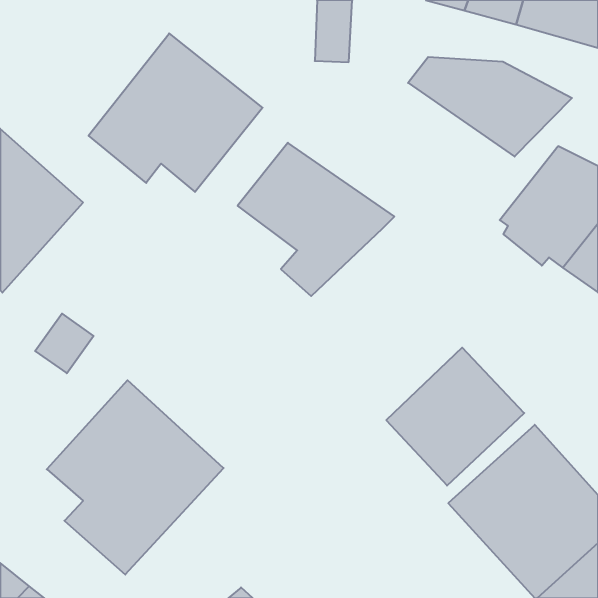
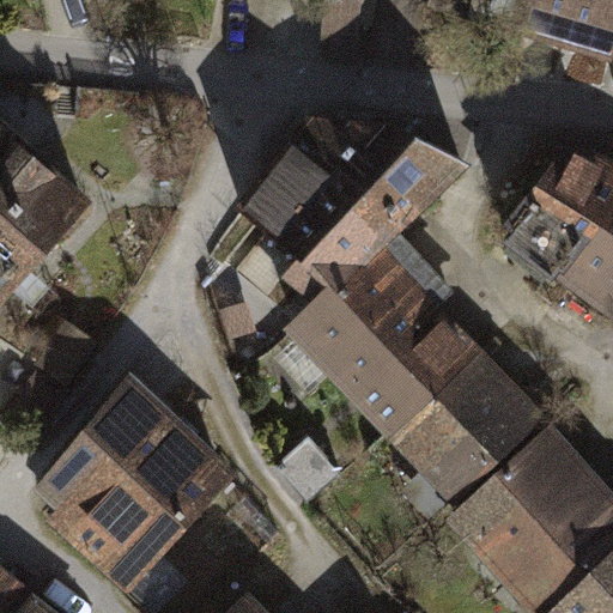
building: [89,33,263,192] -> none
building: [408,57,572,157] -> [295,120,462,221]
building: none -> [295,233,473,430]

